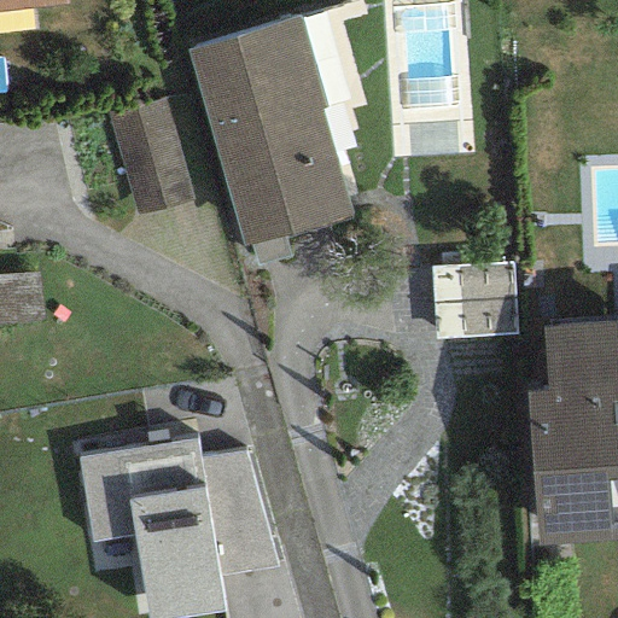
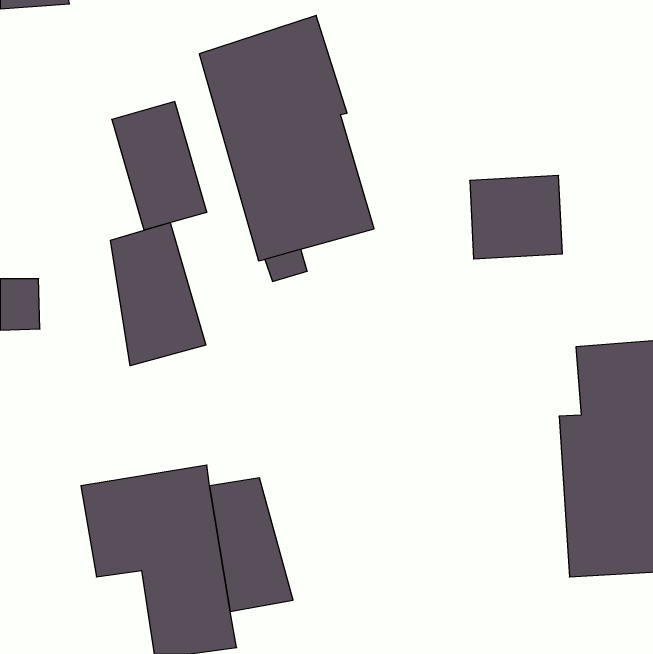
building: none -> [111,223,206,366]
building: [432,261,519,339] -> [470,175,562,259]

